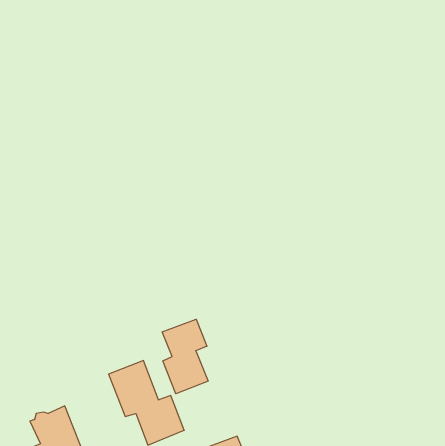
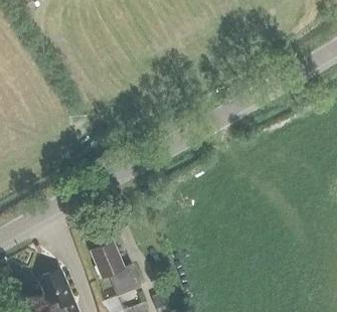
building: [162,319,208,394] -> none

